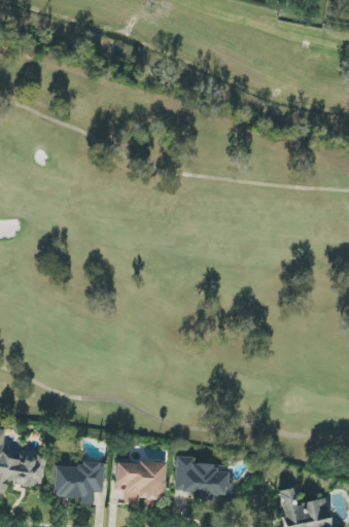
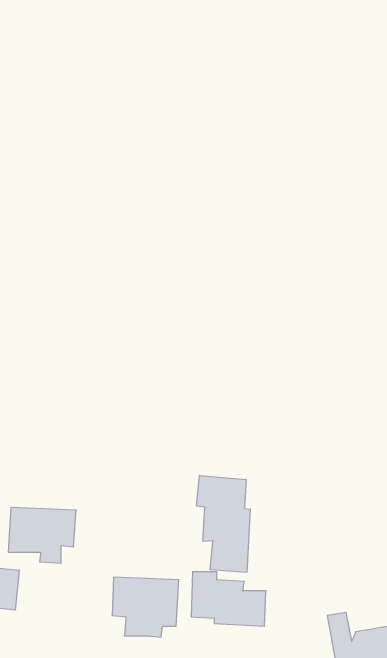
building: none -> [197,475,250,572]
building: [54,462,105,504] -> [8,507,76,563]

